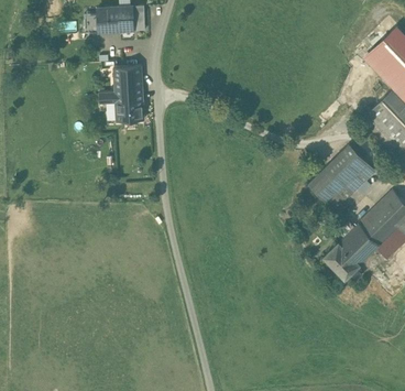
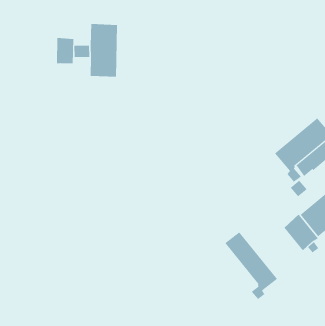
building: none -> [56,37,74,64]
building: none -> [224,232,278,300]

